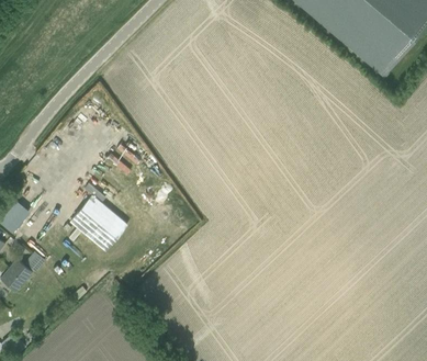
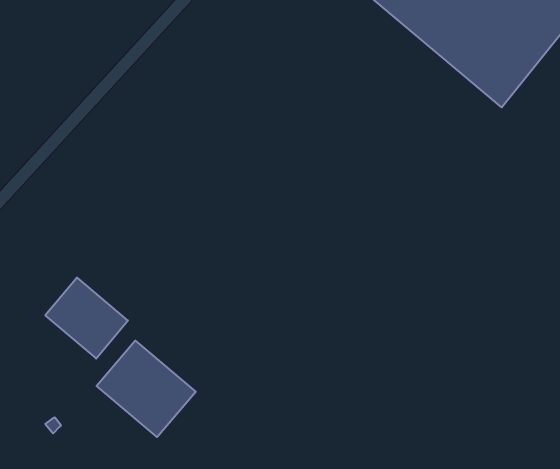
building: none -> [97,341,196,437]

